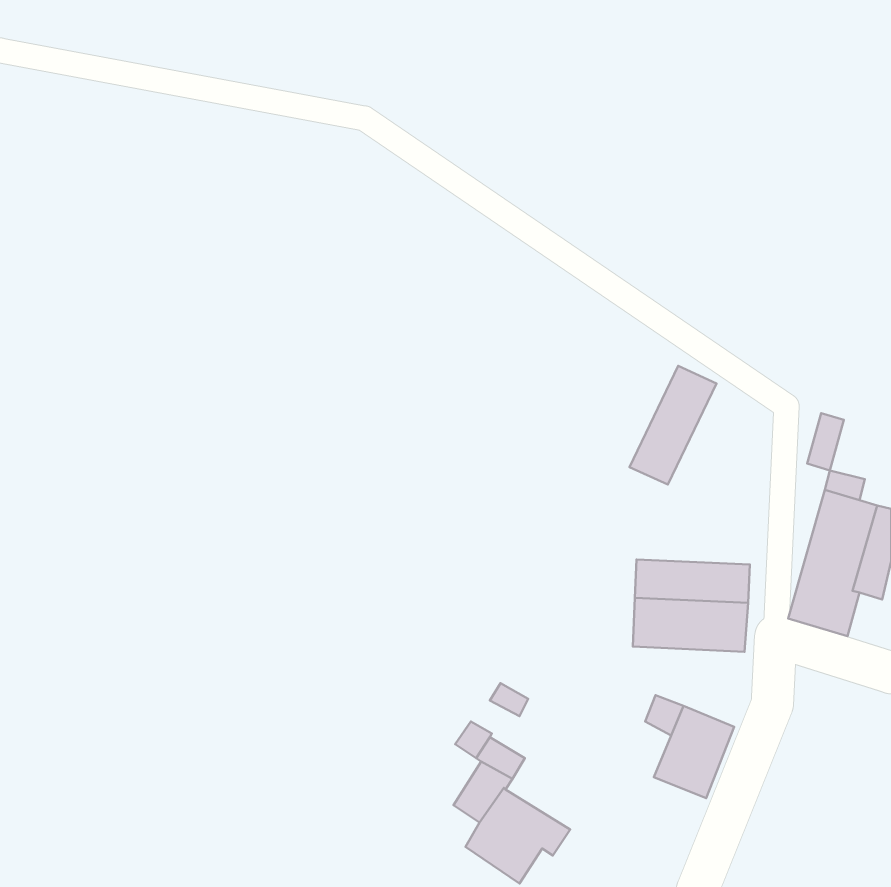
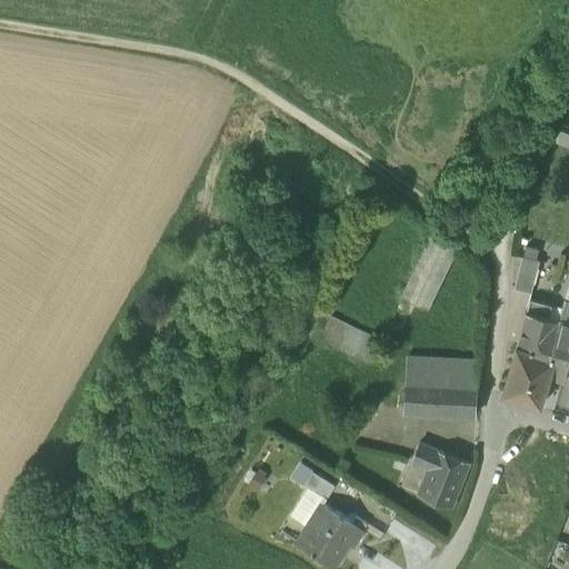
building: none -> [310,316,380,366]

